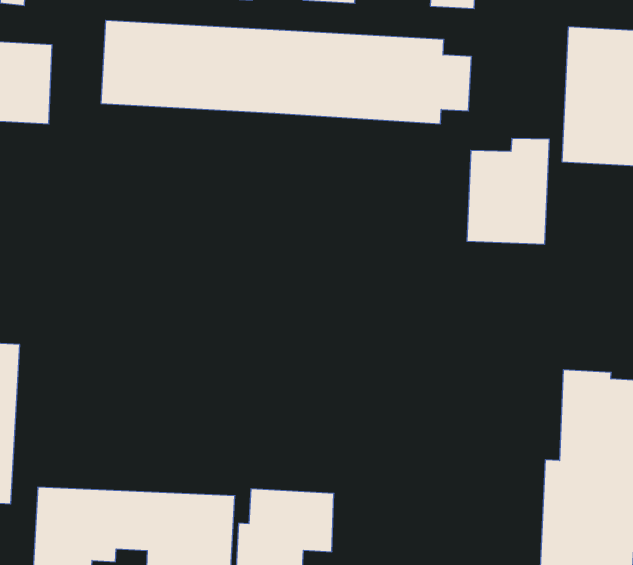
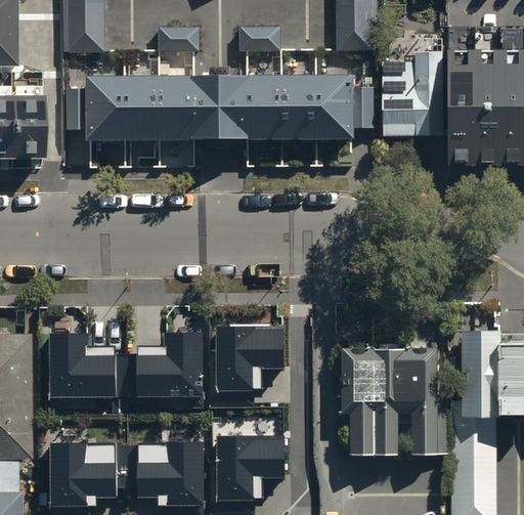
building: [467,138,549,244] -> [382,50,444,134]
building: none -> [52,334,204,416]
building: none -> [212,327,285,409]
building: none -> [339,348,436,454]

